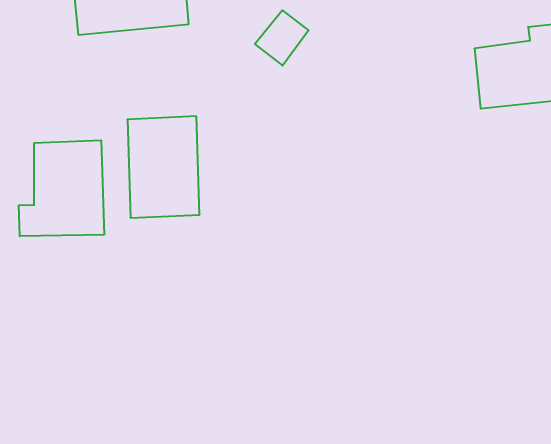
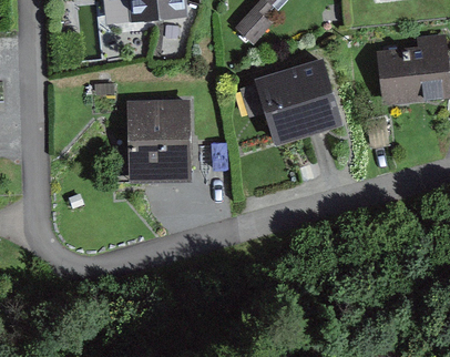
building: none -> [263,62,338,133]
building: [19,140,104,236] -> none

